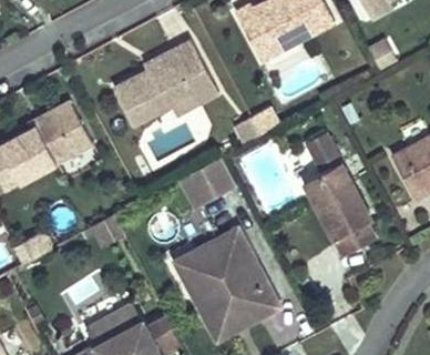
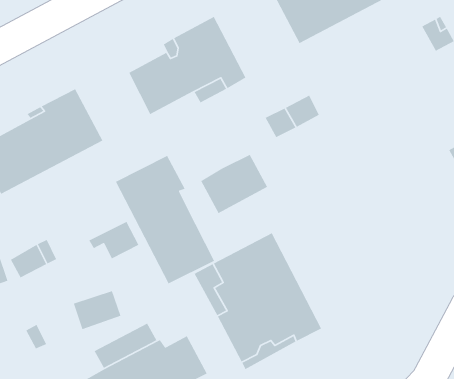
building: [300,131,377,257] -> none
building: none -> [115,155,215,284]

